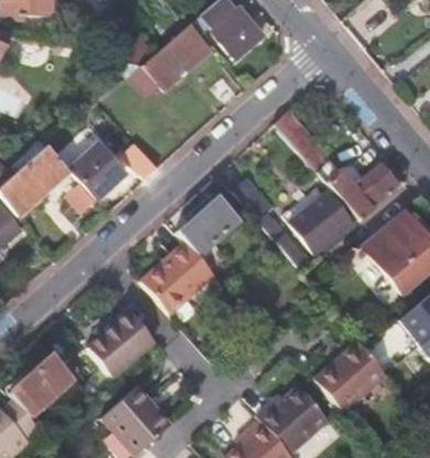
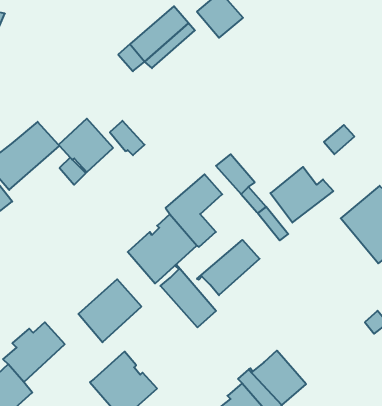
building: [273,113,400,220] -> none
building: none -> [197,240,260,295]
building: none -> [160,264,216,327]
building: [314,341,387,413] -> none

